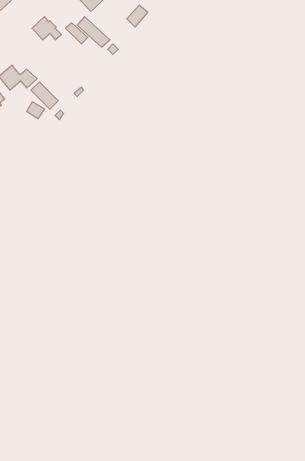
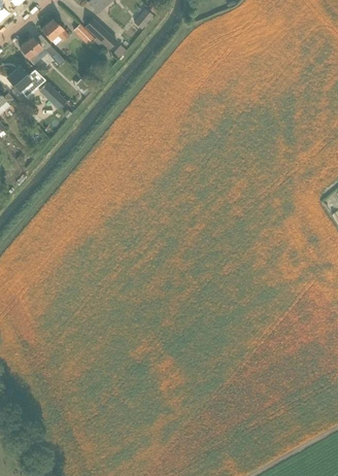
building: none -> [20,37,65,65]

